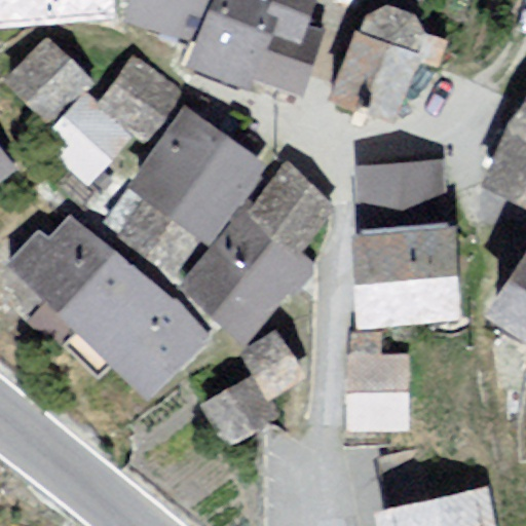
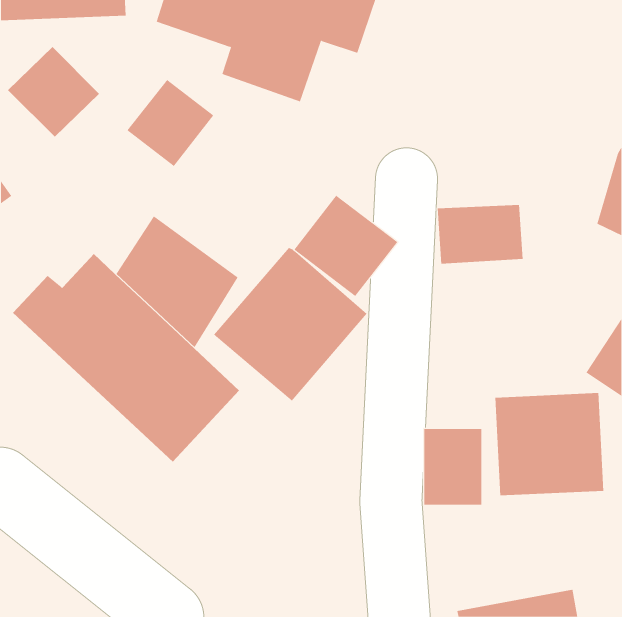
building: [333,9,426,126] -> none
building: [46,99,130,182] -> none
building: [129,109,261,239] -> none
building: [363,234,455,322] -> [495,392,604,496]
building: [206,326,302,438] -> none

